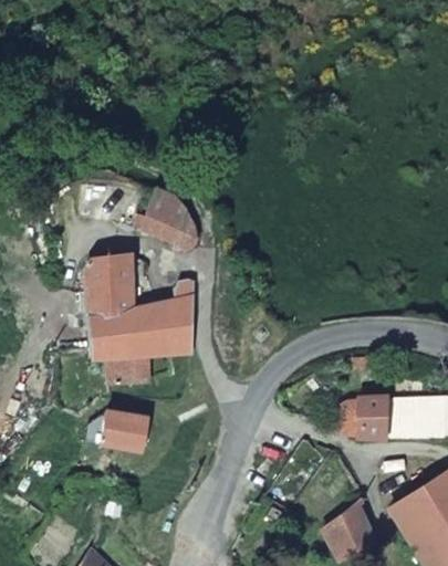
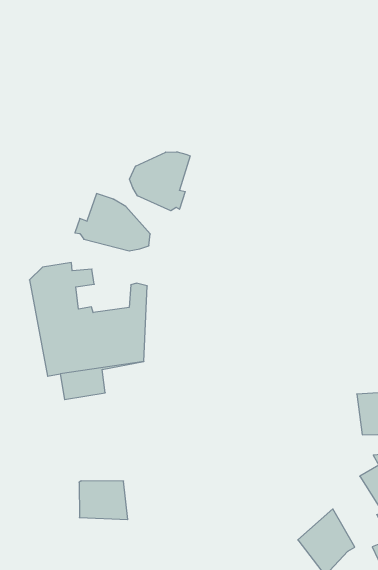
building: none -> [129,152,190,211]
building: [336,397,388,437] -> none
building: [103,411,148,451] -> [79,481,128,520]

